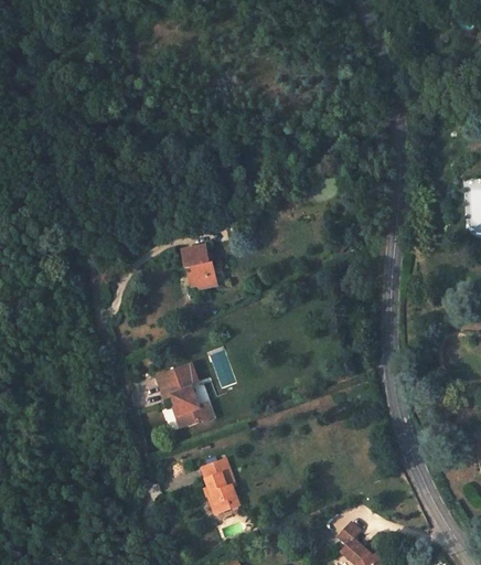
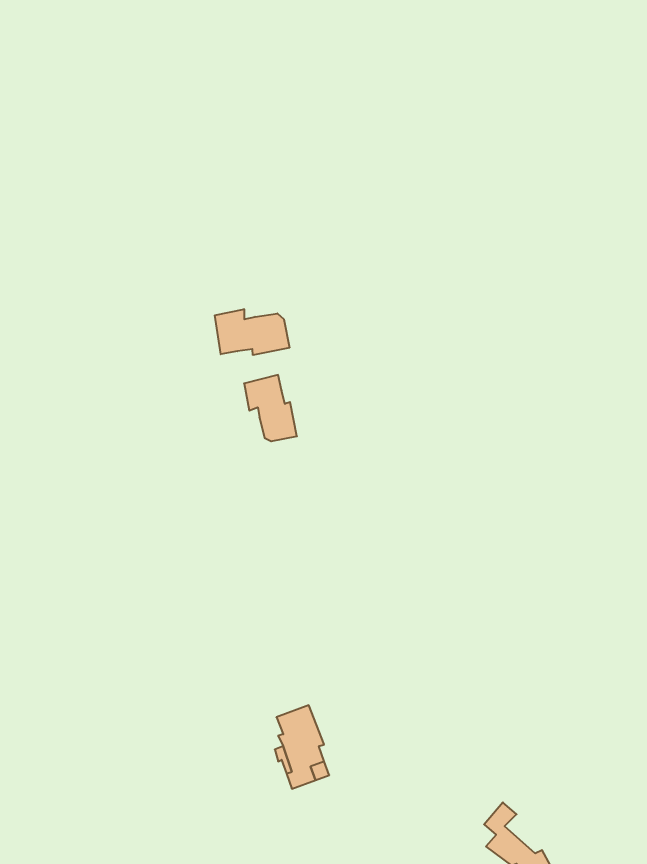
building: none -> [215,309,289,355]
building: [156,363,212,425] -> none

